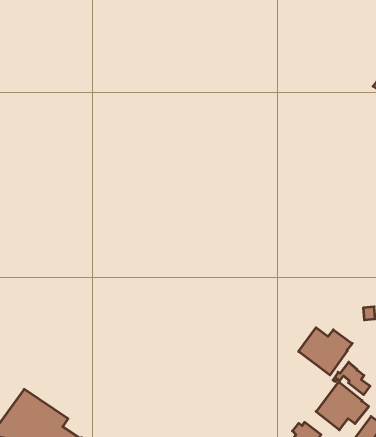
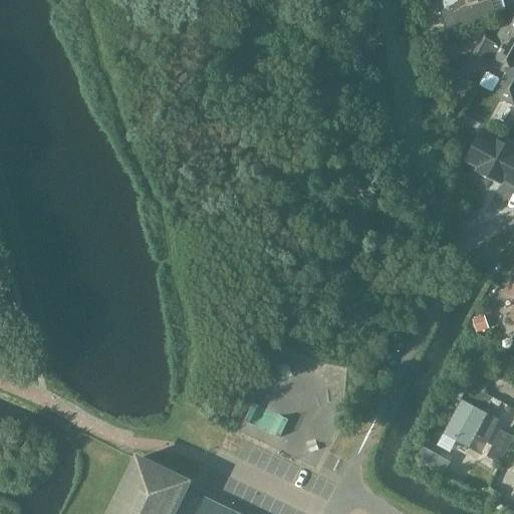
building: [299,328,352,375] -> none

